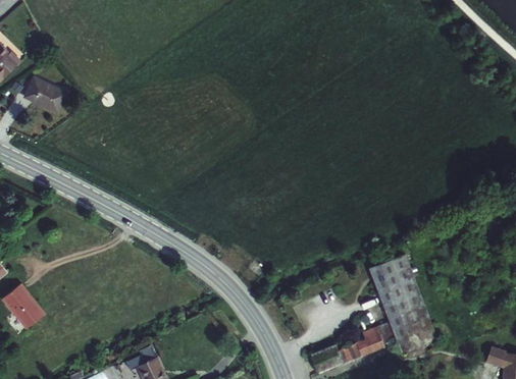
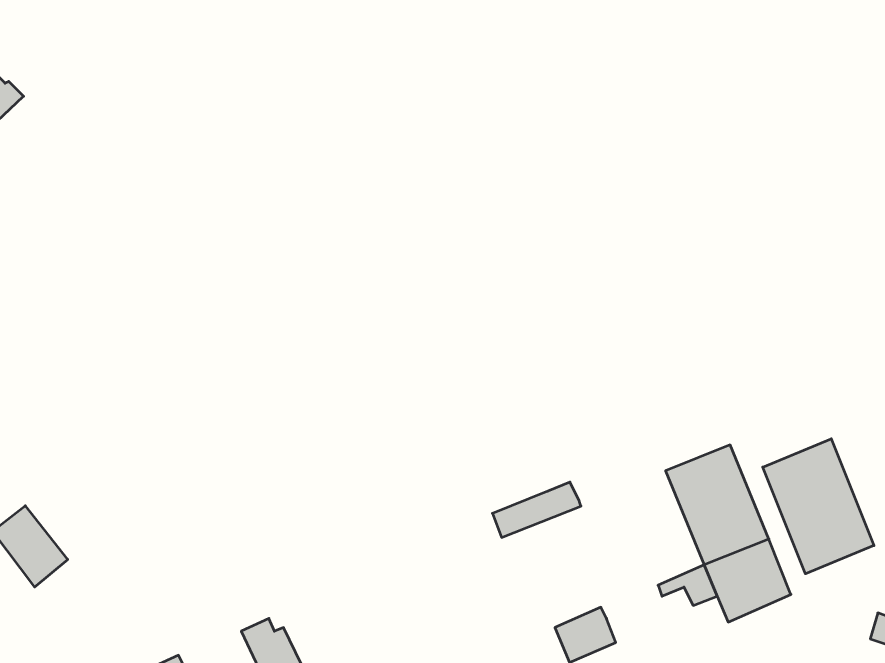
building: [18,78,60,111] -> none
building: none -> [763,439,874,574]
building: [337,332,385,363] -> [492,482,581,537]

